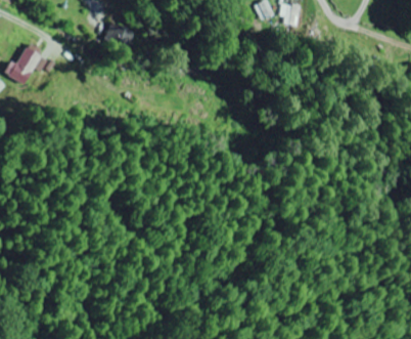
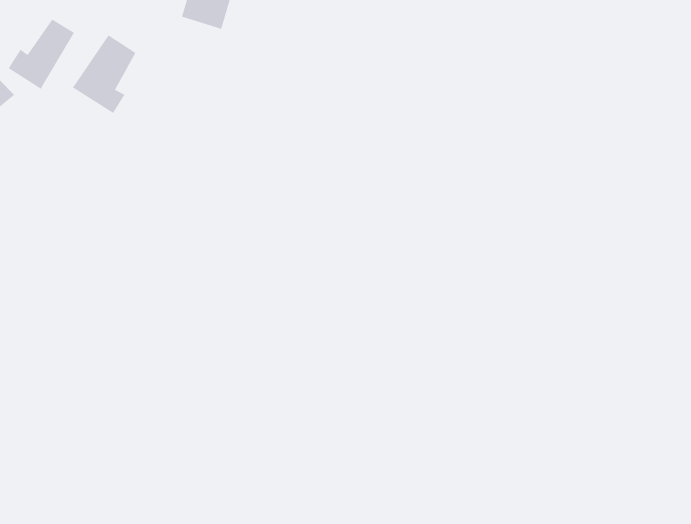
building: none -> [72,34,136,114]

